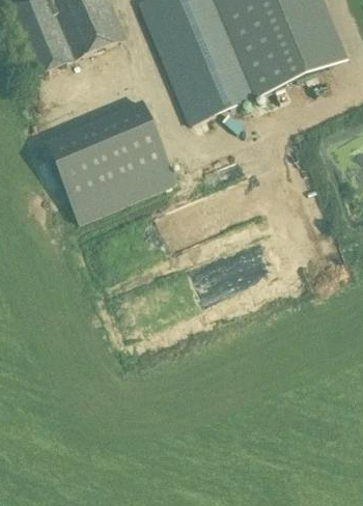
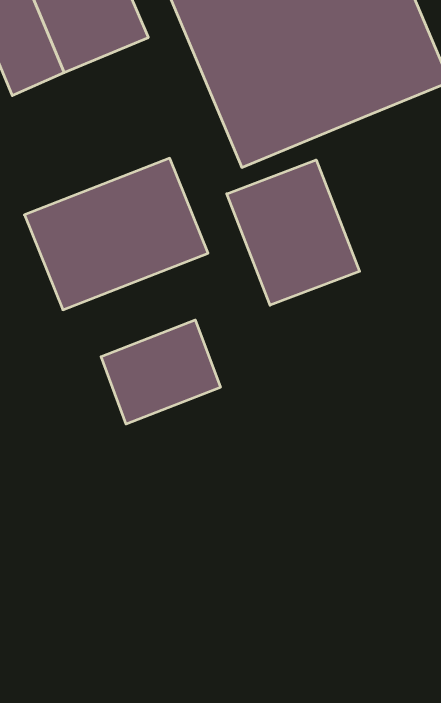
building: none -> [227,160,360,305]
building: none -> [101,320,220,424]

